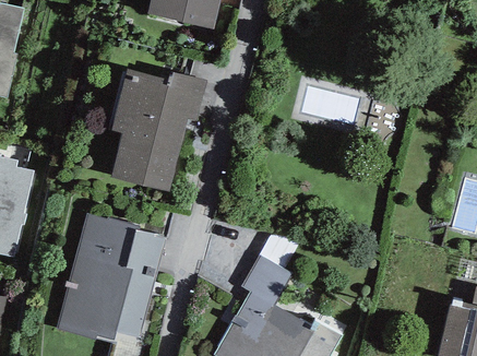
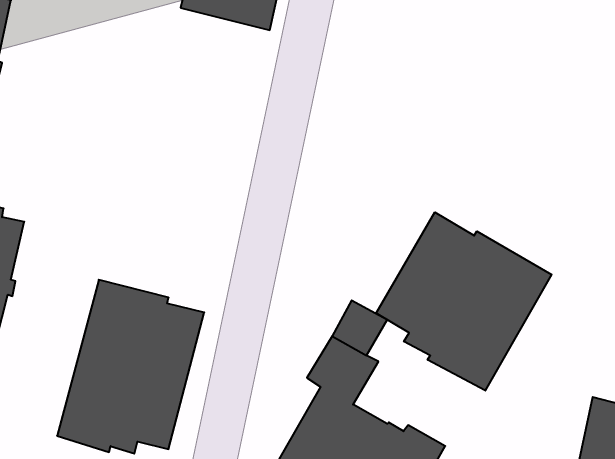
building: [110,69,206,191] -> none
building: none -> [376,212,552,391]

